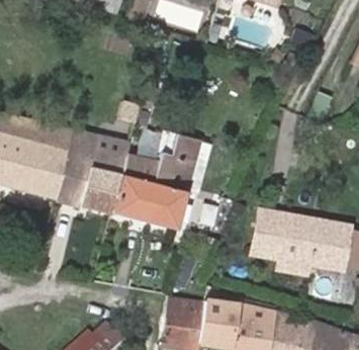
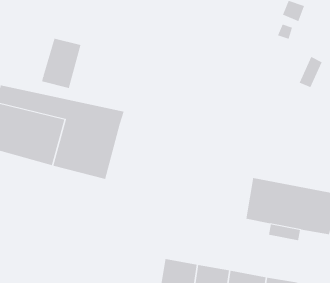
building: none -> [41,38,81,89]
building: [110,132,209,229] -> none

